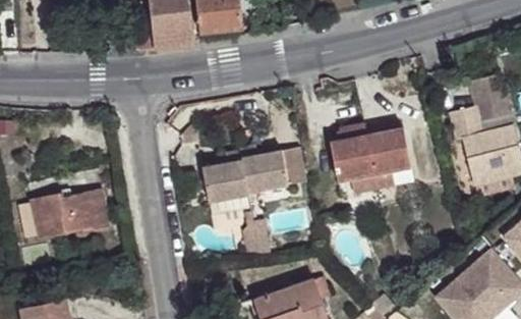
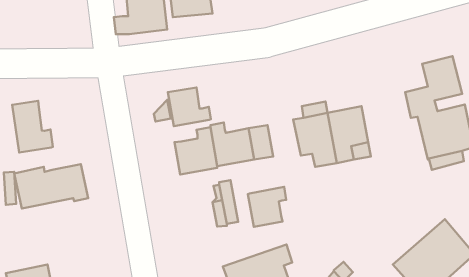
building: none -> [168,87,211,126]
building: none -> [12,101,53,153]
building: none -> [248,187,286,227]

